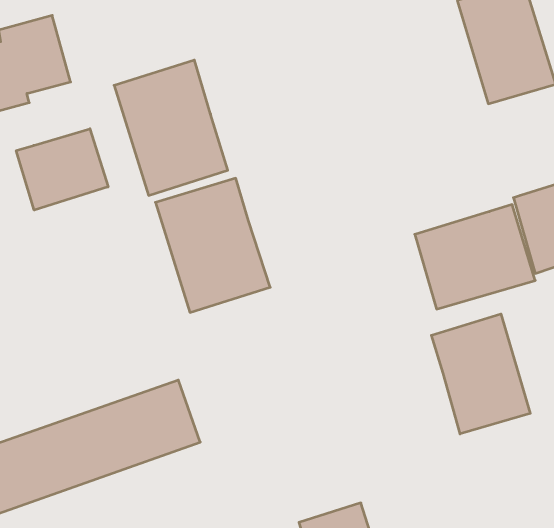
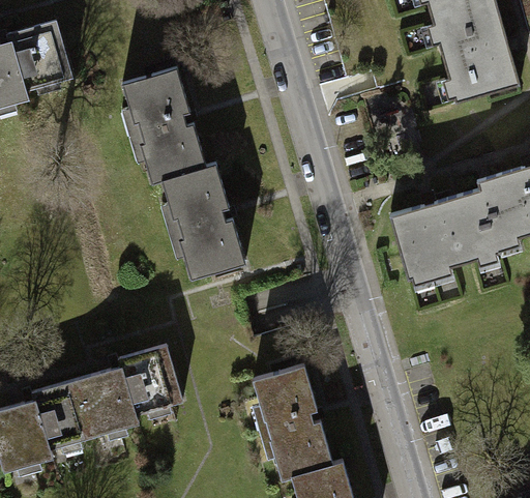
building: [16,129,108,210] -> none
building: [431,314,530,434] -> none
building: none -> [247,358,334,475]

